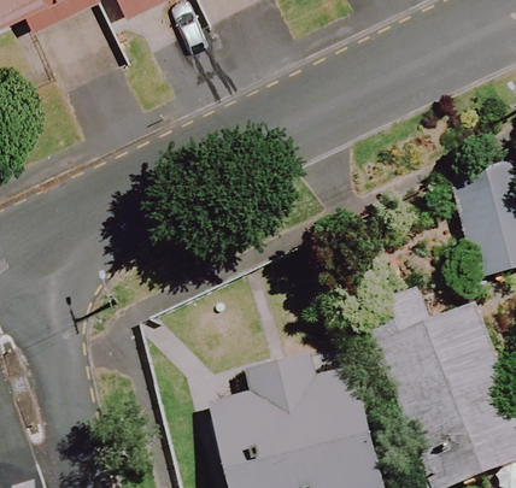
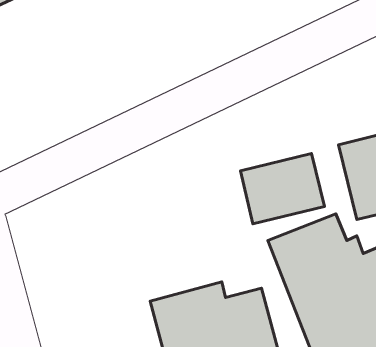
building: none -> [241,154,325,224]

